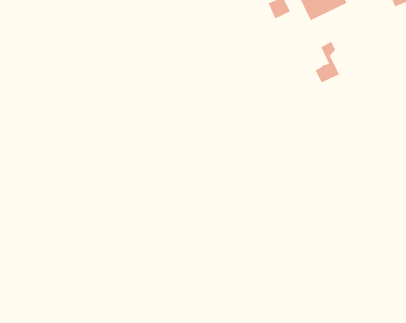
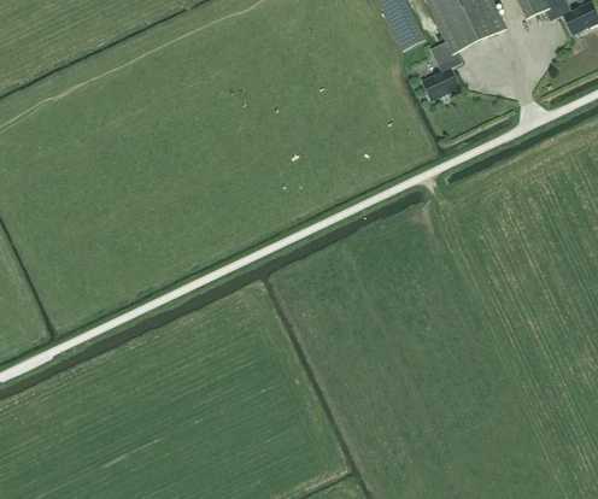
building: [314,41,340,83] -> [422,41,458,100]

